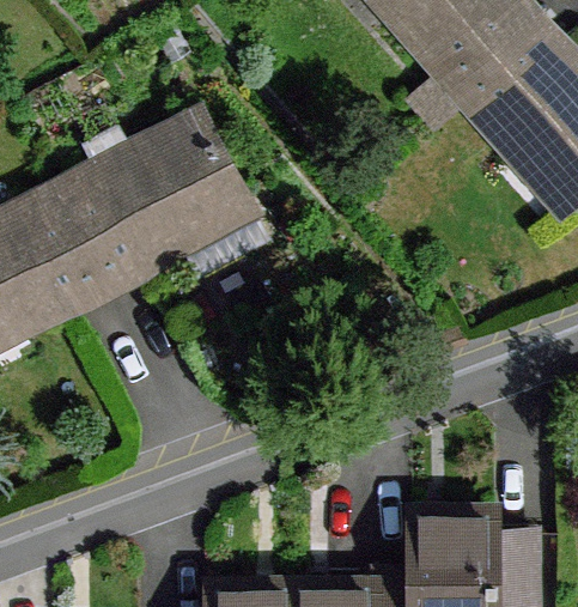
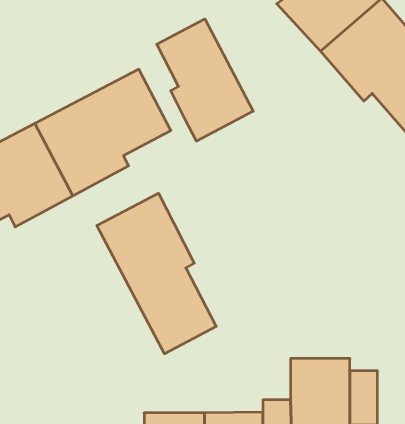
building: none -> [157,19,253,141]
building: none -> [97,193,216,354]

